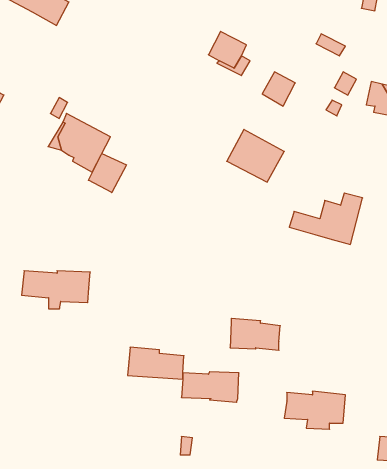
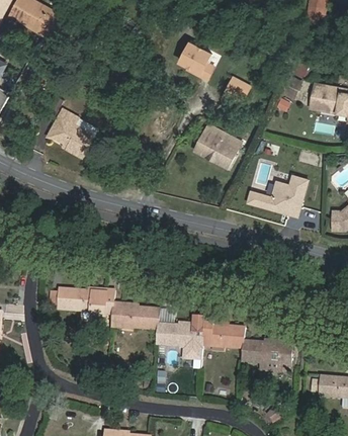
building: [88,153,126,193] -> none
building: [22,271,90,309] -> [59,288,115,320]
building: [230,318,280,350] -> [203,321,245,347]

